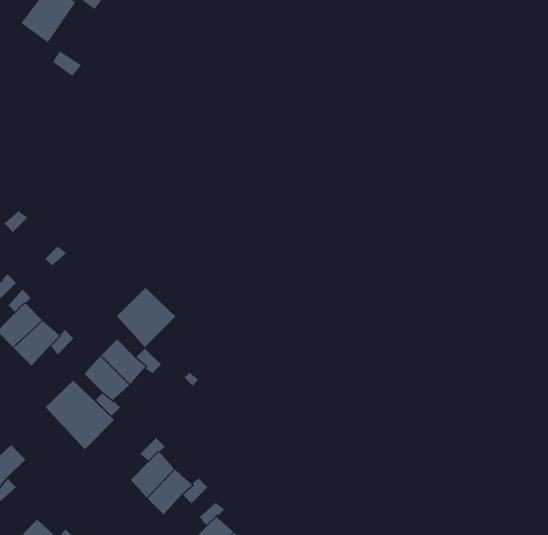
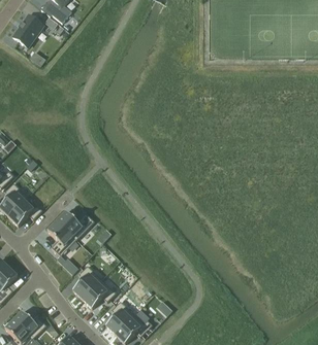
building: [116,287,176,348] -> none
building: [45,380,115,450] -> none

